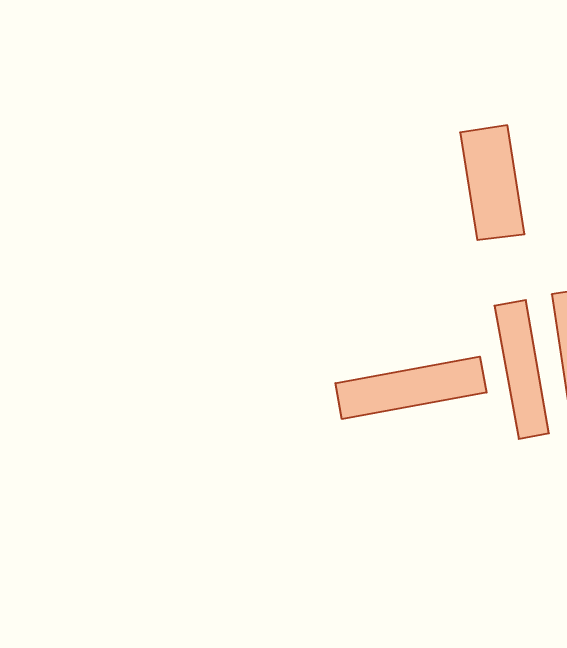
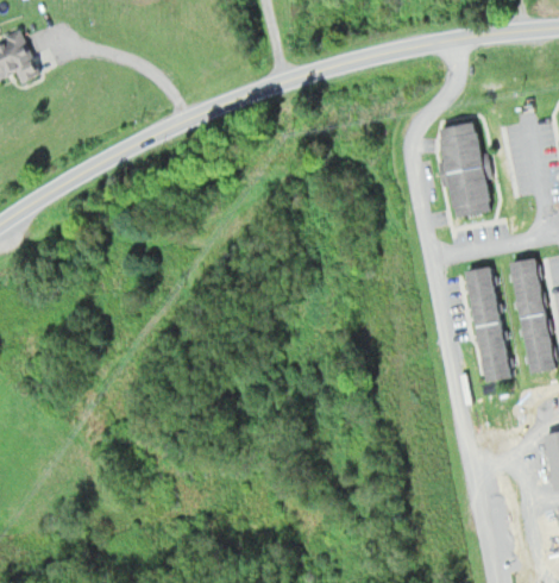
building: [335,357,487,419] -> none

